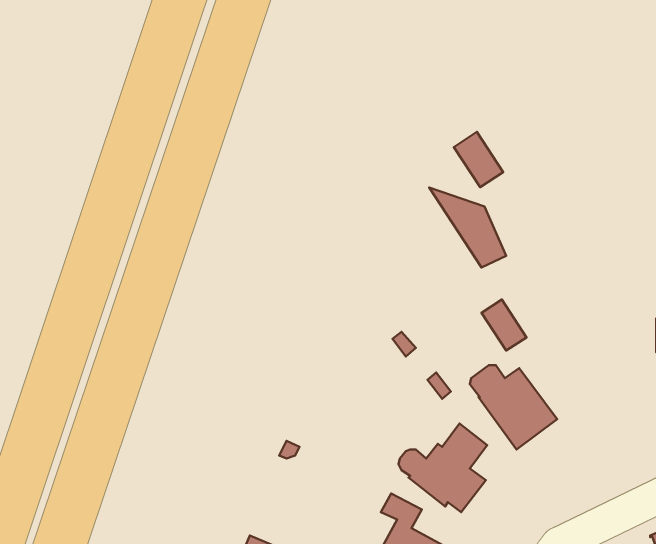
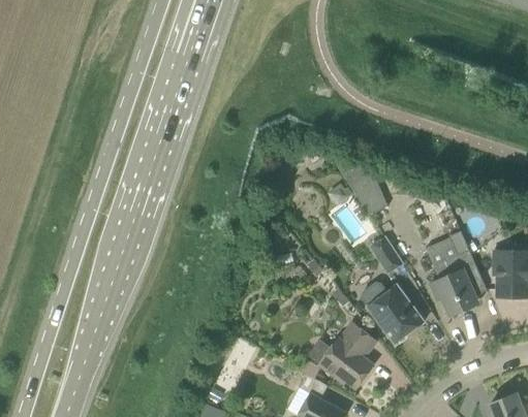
building: [454,132,503,187] -> none
building: none -> [426,230,487,316]

